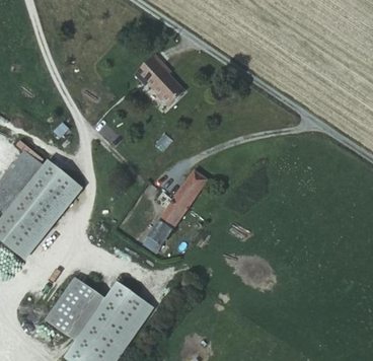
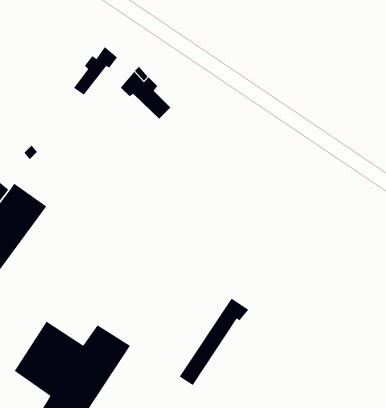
building: none -> [73,46,118,96]
building: [150,169,210,244] -> [179,298,249,386]

